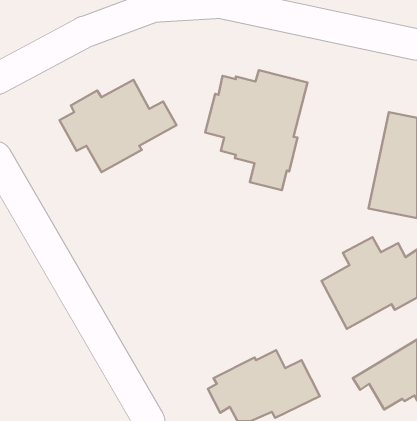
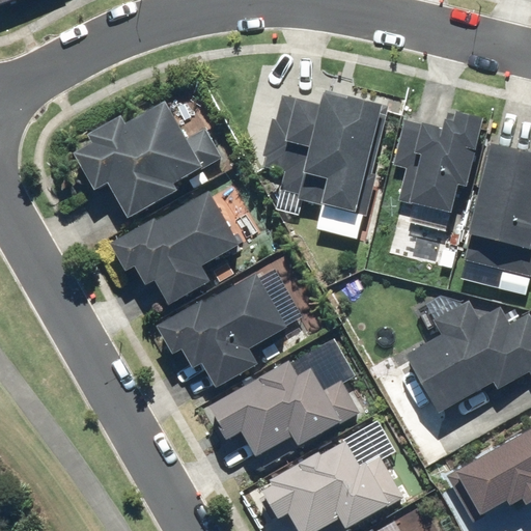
building: none -> [392,105,485,213]
building: none -> [111,190,242,305]
building: none -> [159,273,289,386]
building: none -> [207,360,360,457]

